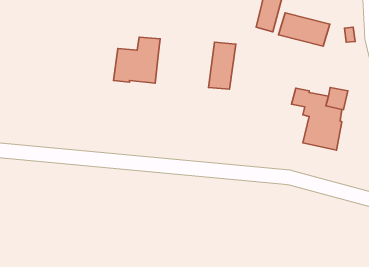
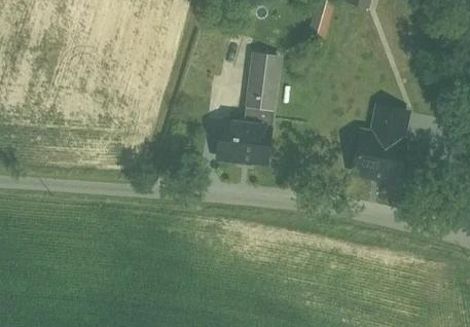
building: [278,13,330,46] -> none
building: [113,37,160,83] -> [217,107,272,160]

